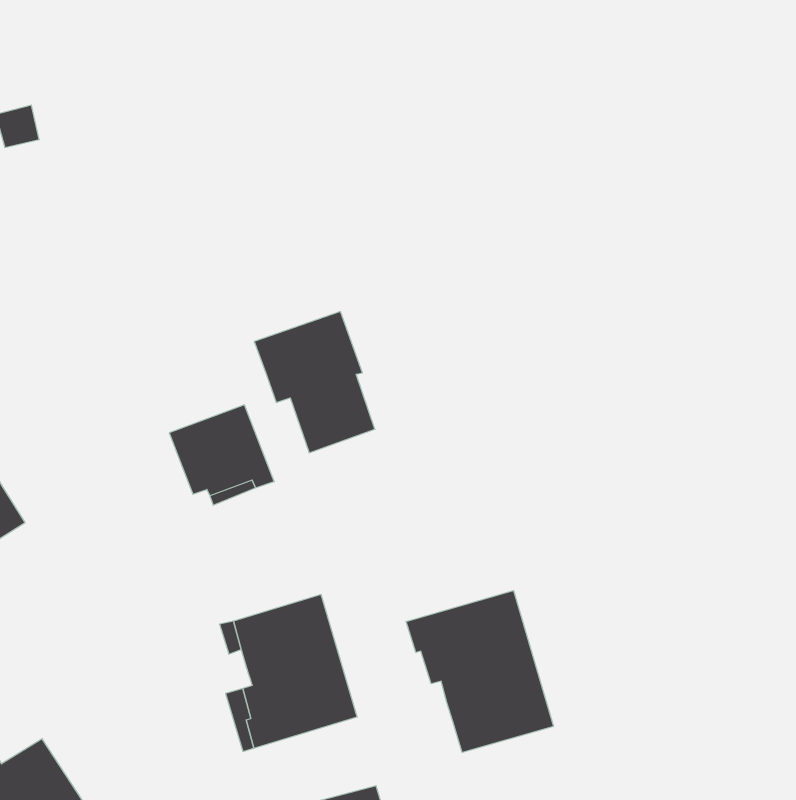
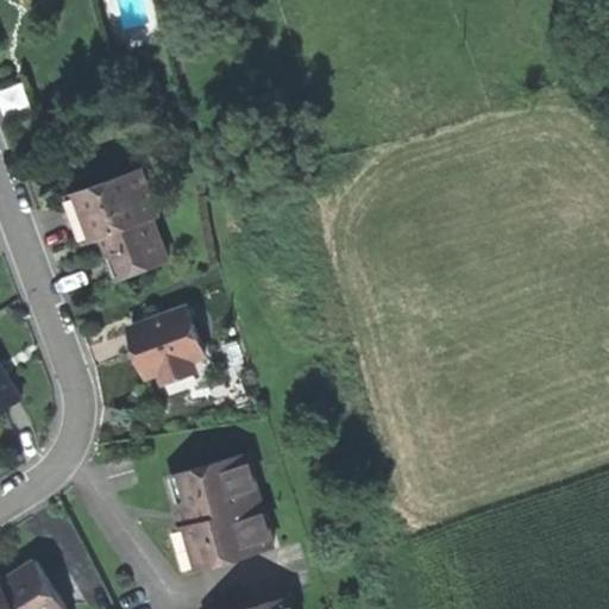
building: [254,312,375,453] -> [74,171,165,278]
building: [406,591,553,752] -> none

